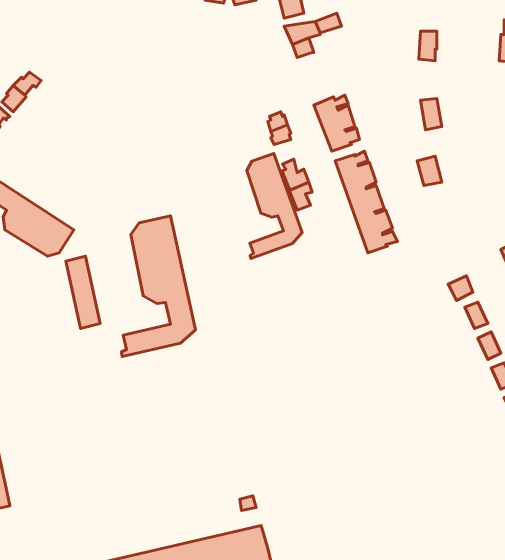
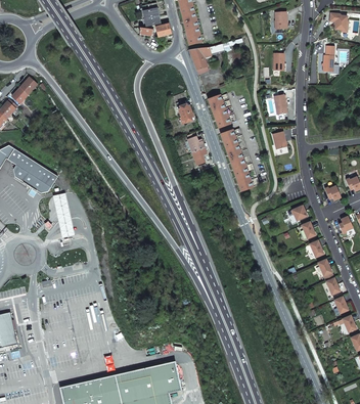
building: [247,153,302,259] -> none
building: [122,216,196,356] -> none

